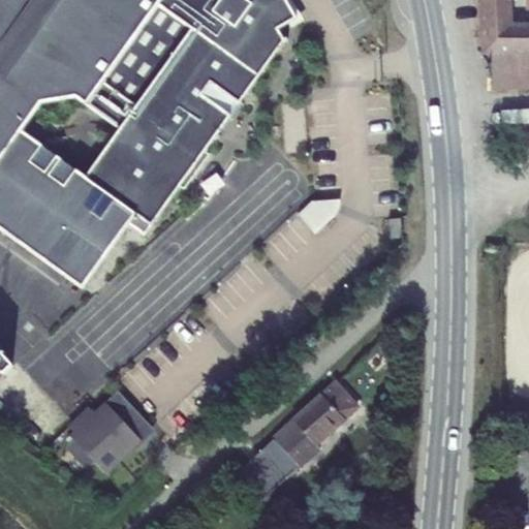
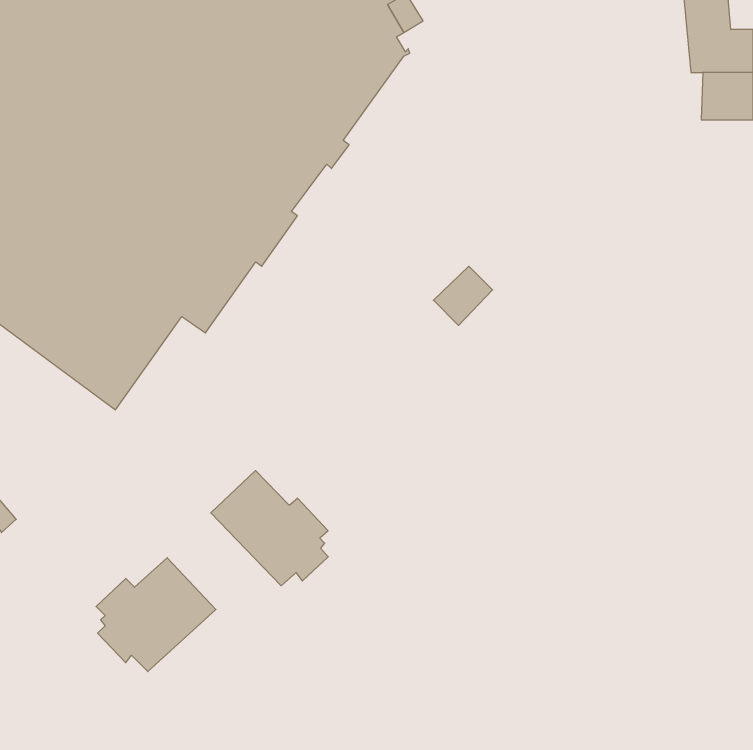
building: none -> [211,471,328,586]
building: [234,379,356,500] -> none

